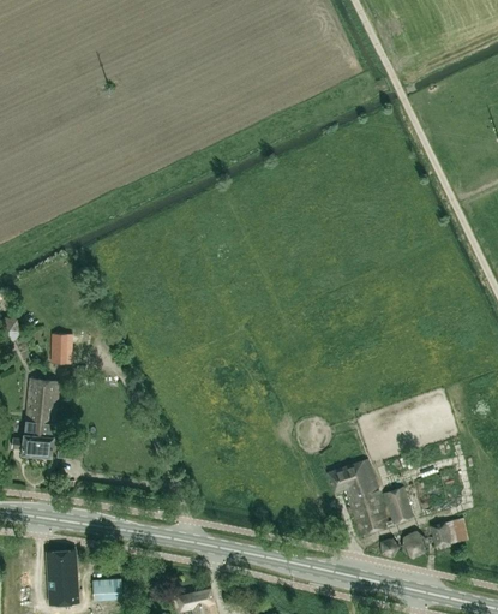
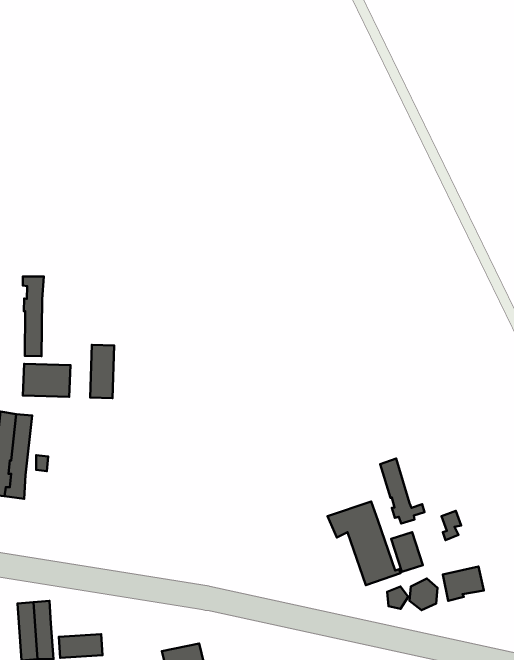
building: none -> [23,277,44,356]
building: none -> [90,345,114,398]
building: none -> [380,458,425,523]

